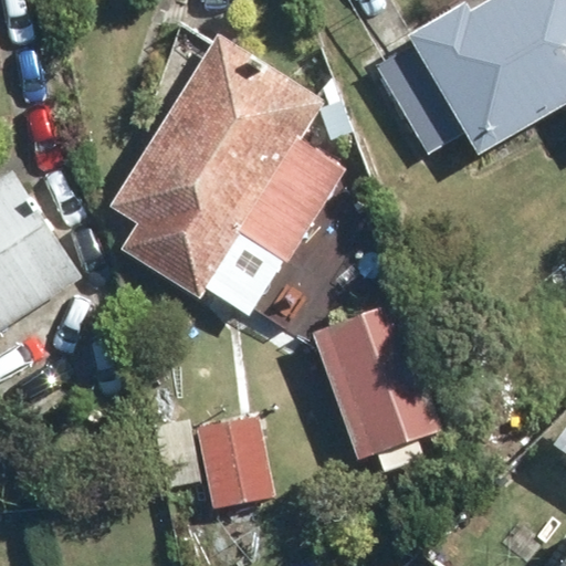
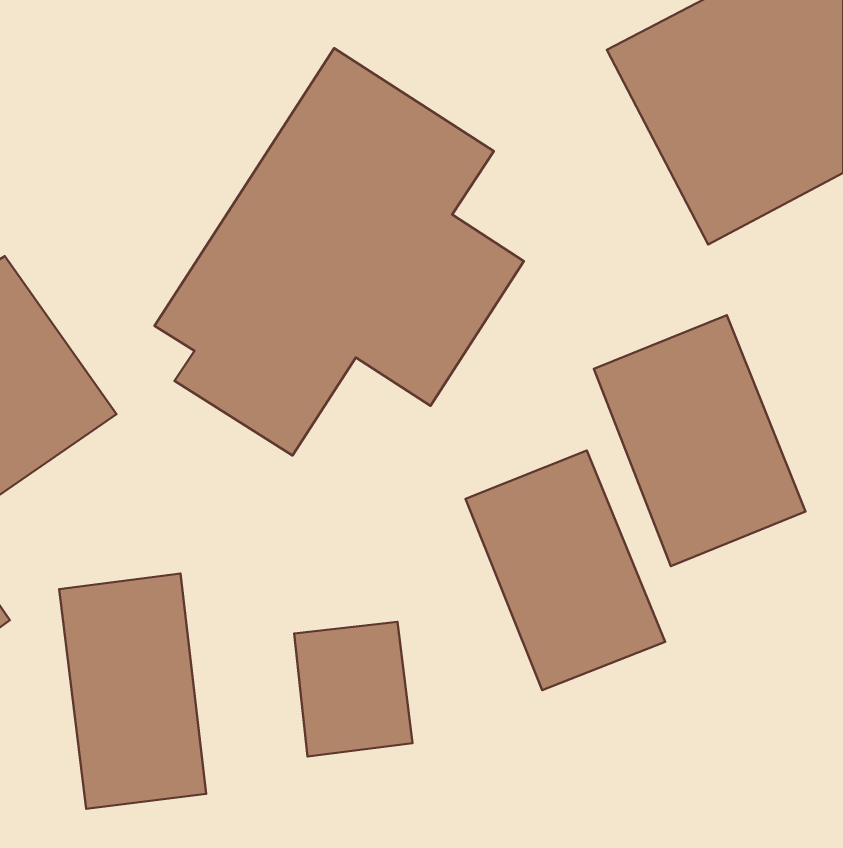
building: none -> [594,315,805,566]
building: none -> [59,573,206,809]

